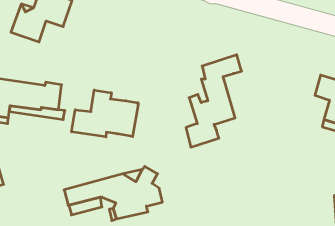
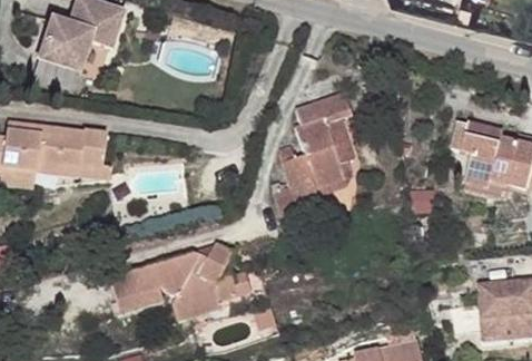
building: none -> [315,117,358,195]
building: [72,90,138,137] -> none

